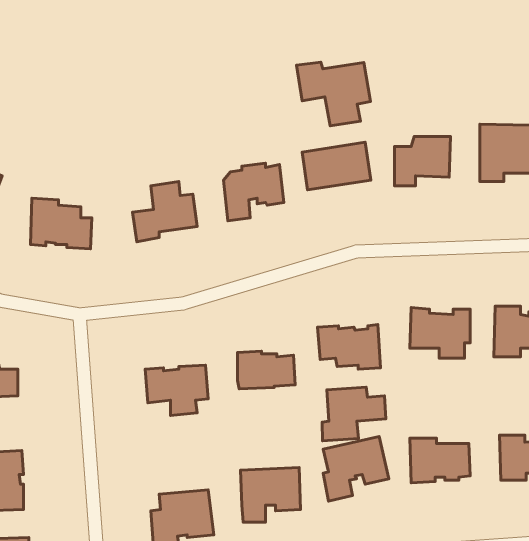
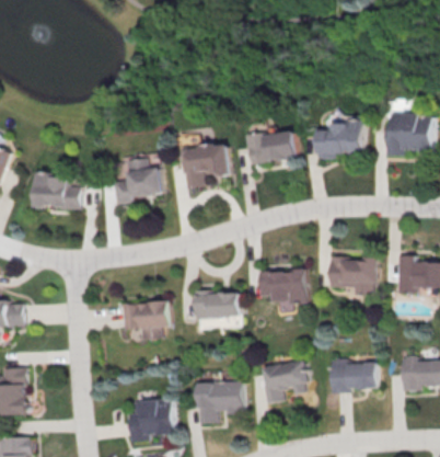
building: [296,62,371,126] -> none
building: [322,387,386,441] -> none

